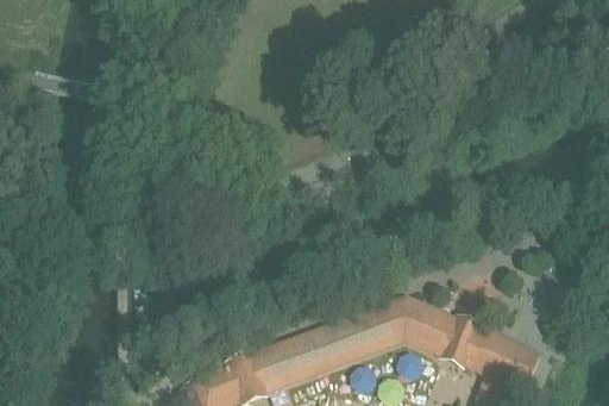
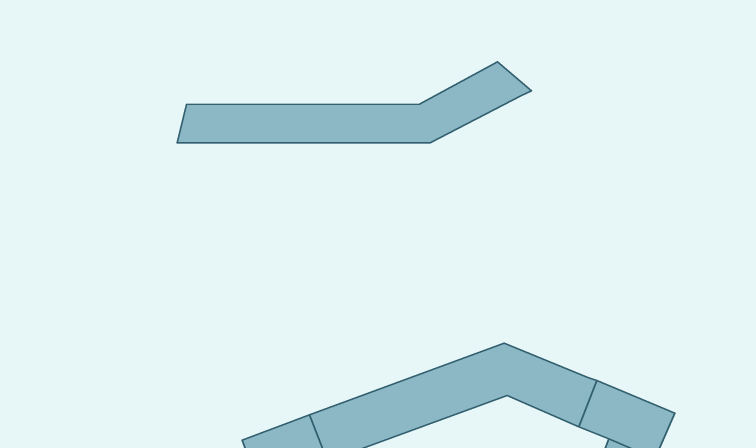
building: none -> [177,62,531,143]

